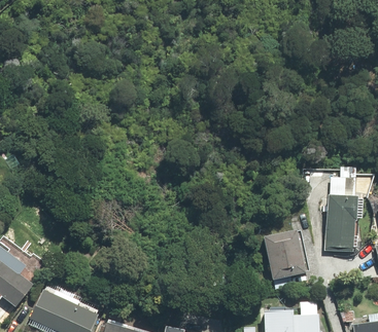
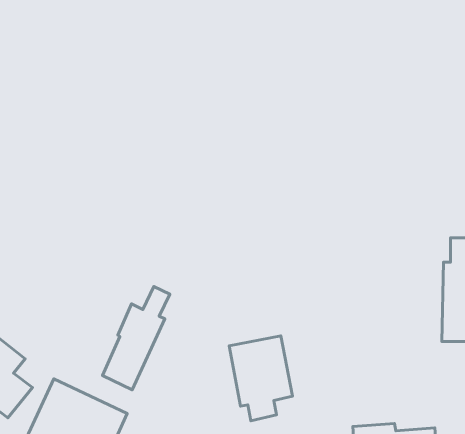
building: none -> [103,286,170,390]
building: [261,229,306,290] -> [229,336,292,421]

